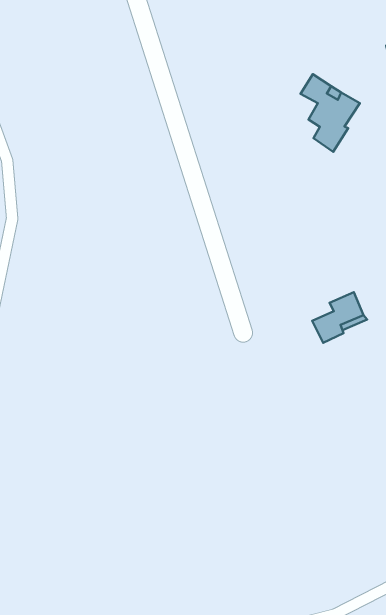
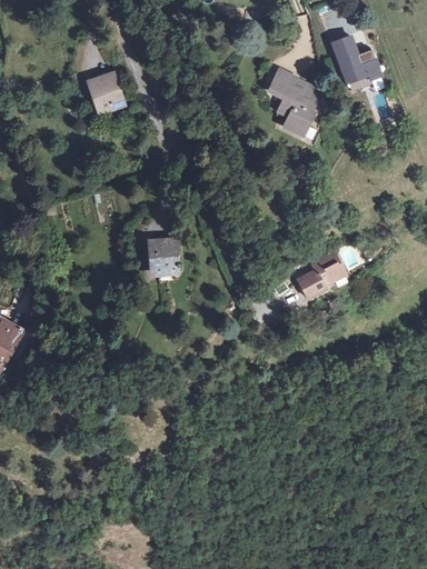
building: none -> [88,74,119,111]
building: none -> [148,240,176,274]

